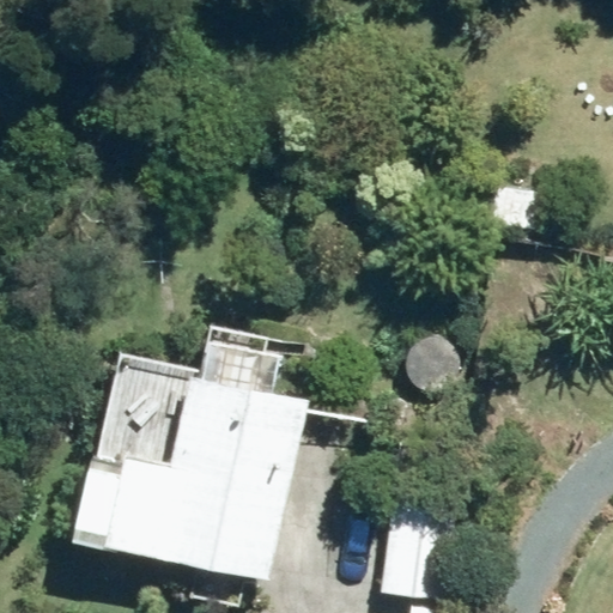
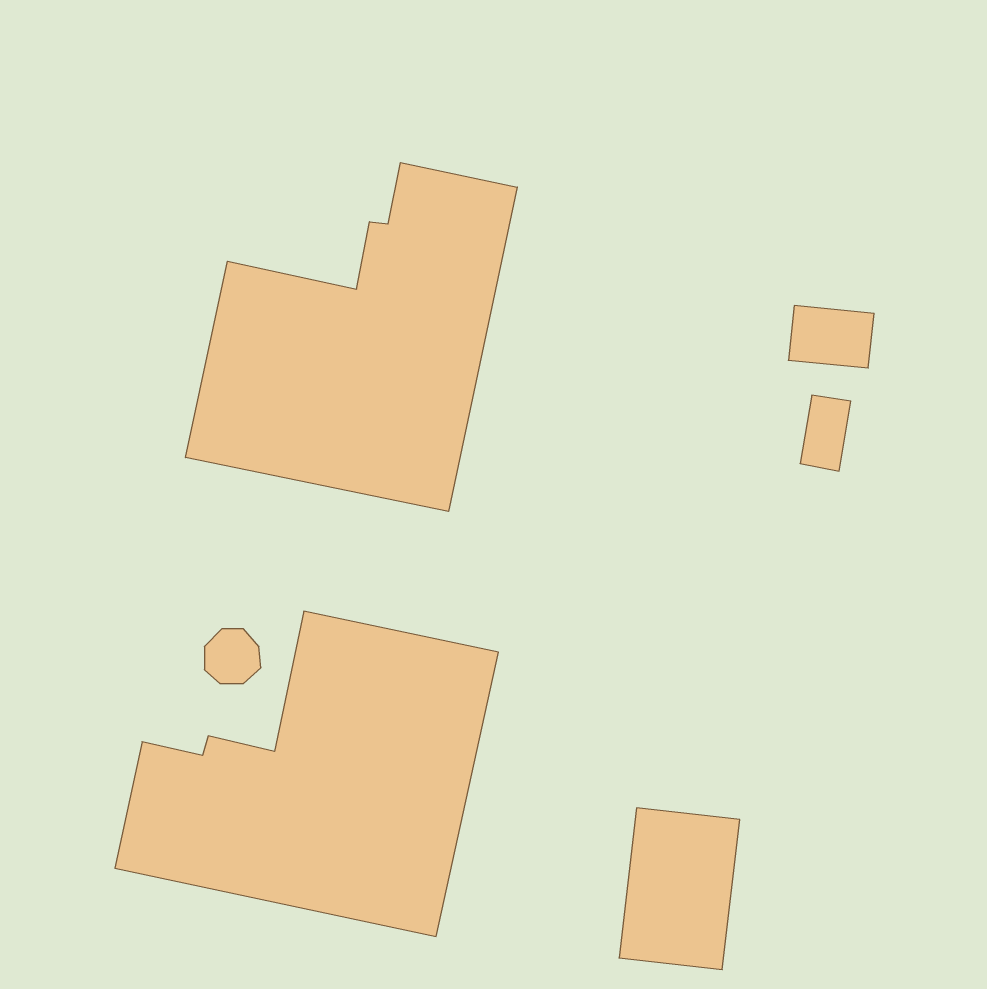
building: none -> [186,163,517,511]

